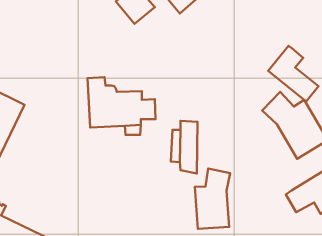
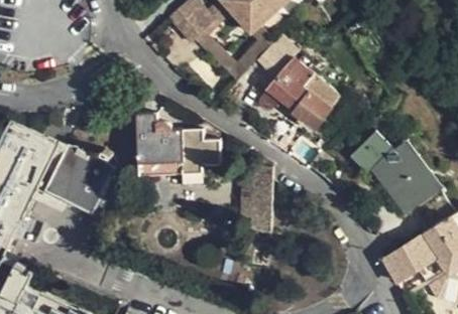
building: [268,46,318,102] -> [267,57,330,127]
building: none -> [43,148,112,216]
building: [195,169,230,229] -> none

